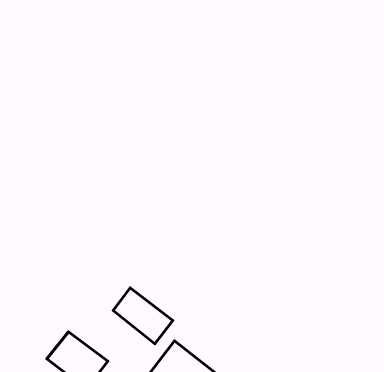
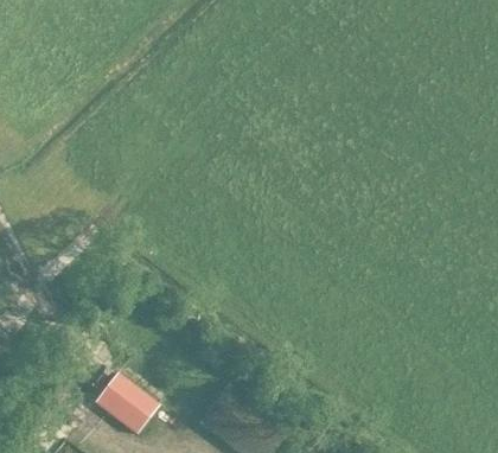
building: [113,288,173,344] -> none

